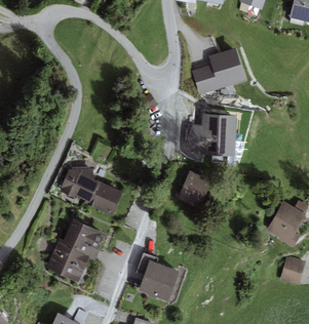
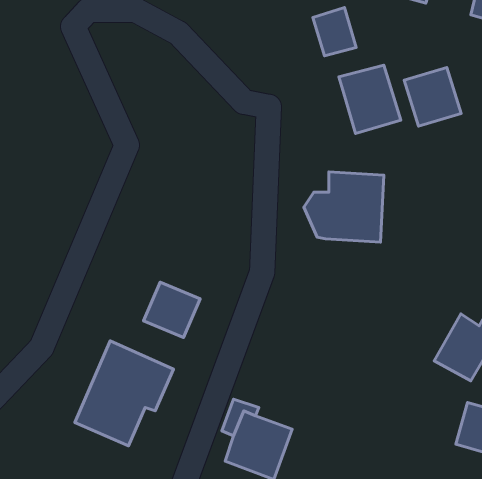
building: none -> [404,67,461,126]
building: [192,65,219,94] -> [313,8,356,56]
building: [60,167,100,204] -> none
building: [180,170,211,206] -> none

